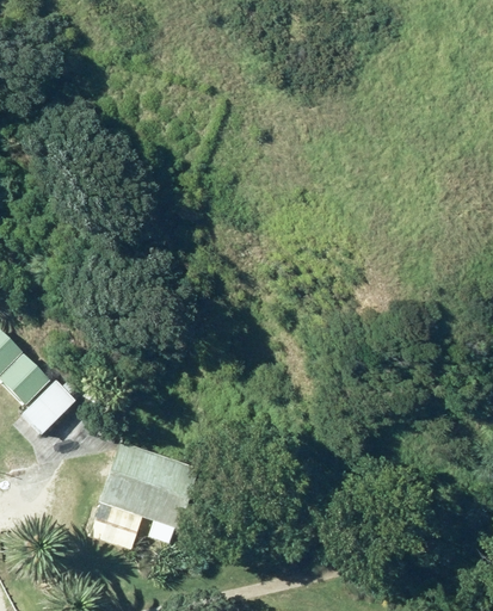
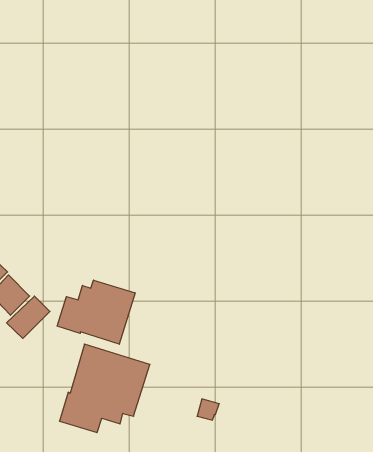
building: none -> [57,280,135,344]

